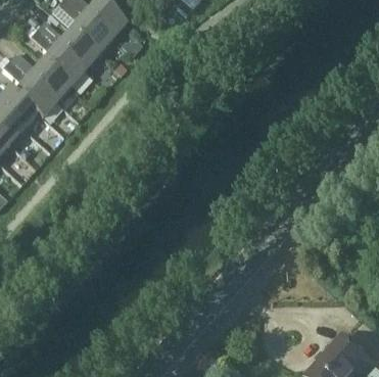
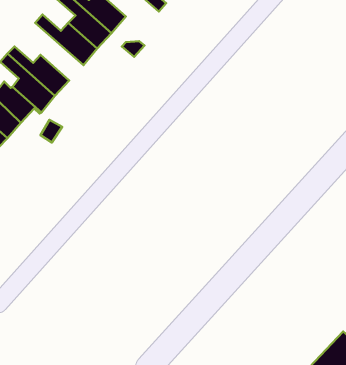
building: [30,29,84,86] -> none

